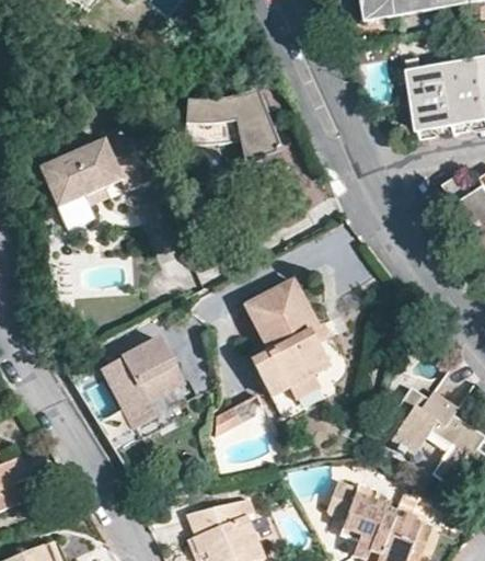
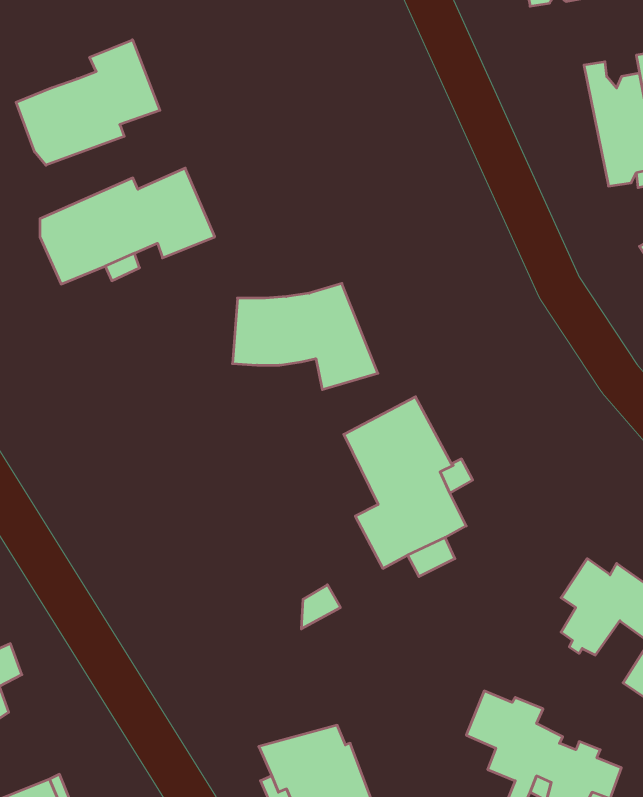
building: none -> [16,40,160,165]
building: [182,88,279,159] -> [232,283,378,390]
building: [103,341,186,431] -> none

